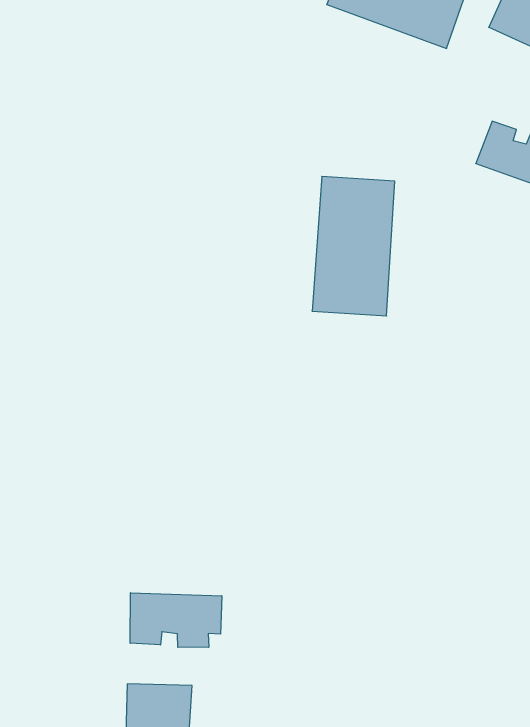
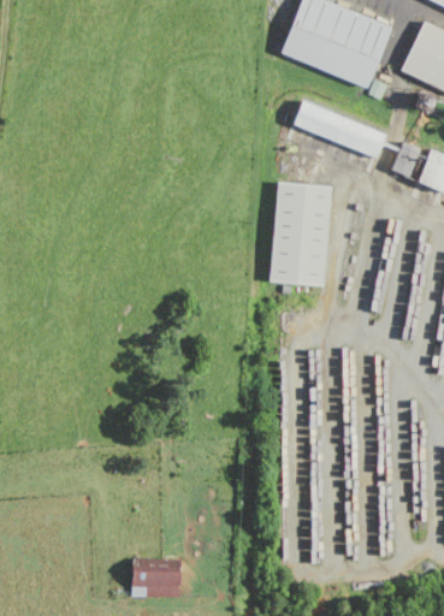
building: none -> [292,101,387,156]
building: [130,593,222,647] -> none

